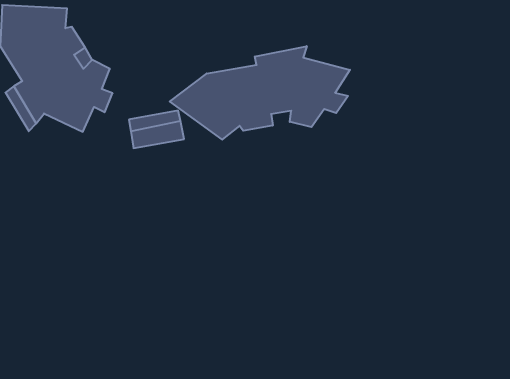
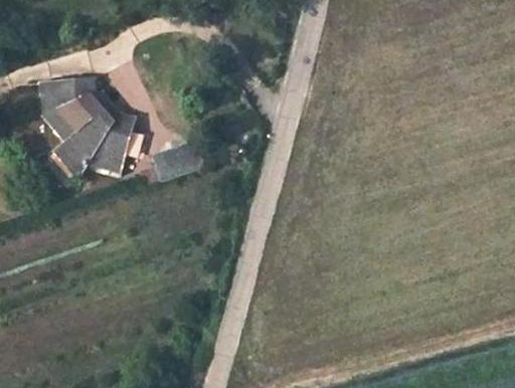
building: [170,46,350,140] -> none

